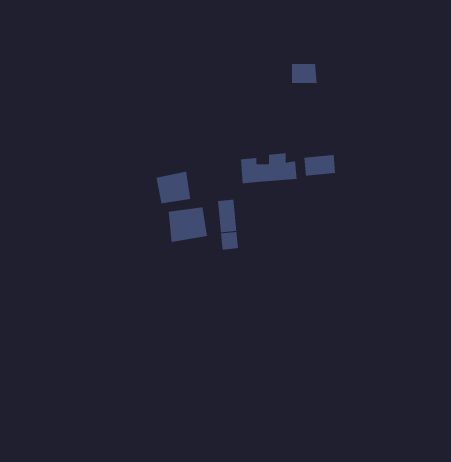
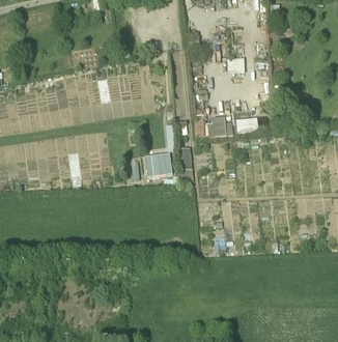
building: [156,171,191,204] -> none

